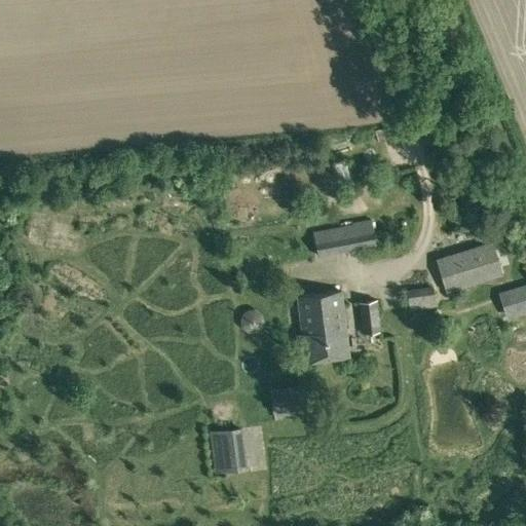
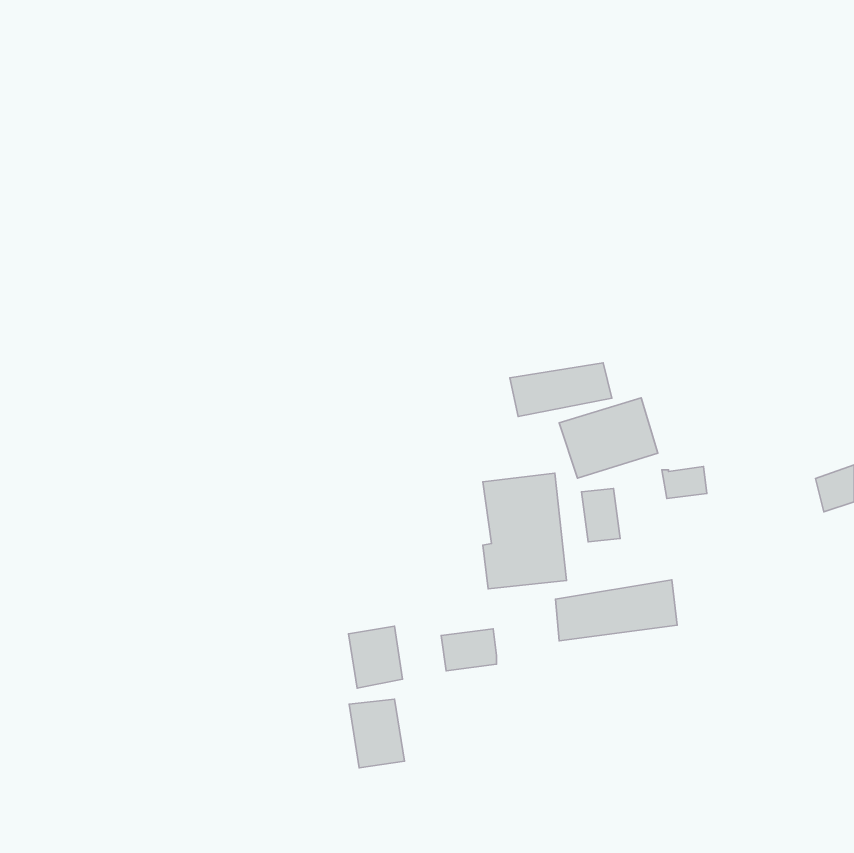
building: [443,241,503,291] -> [559,398,658,478]
building: none -> [555,580,677,641]
building: none -> [349,626,402,688]

